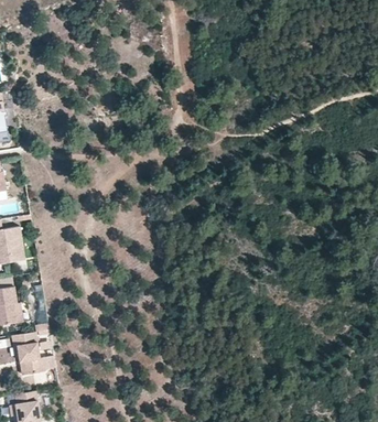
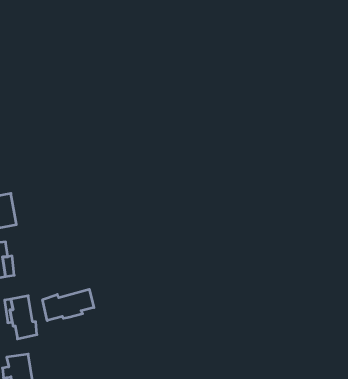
building: none -> [43,289,94,321]

